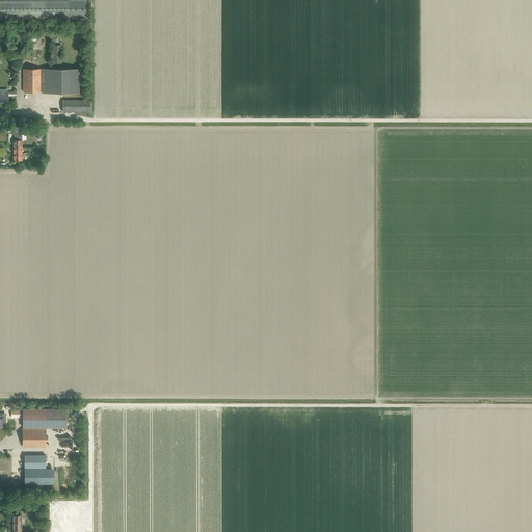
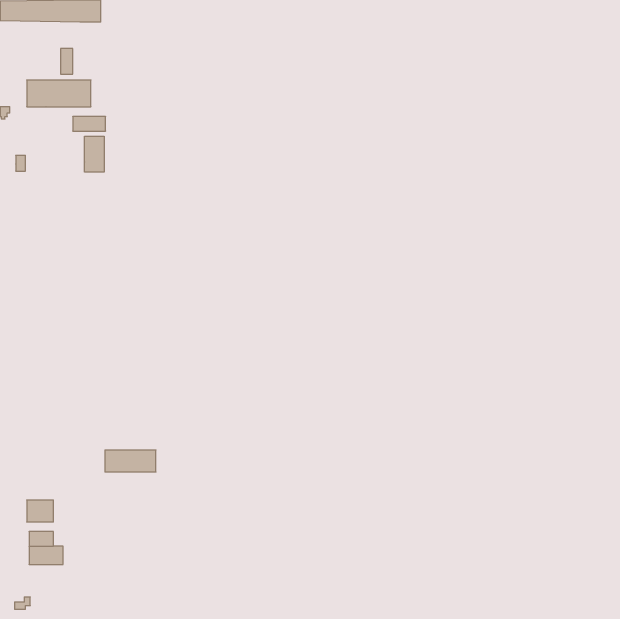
building: none -> [85,136,104,172]
building: [23,409,66,428] -> [105,450,156,472]

